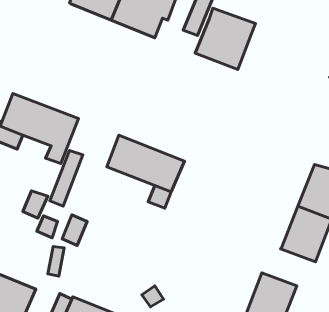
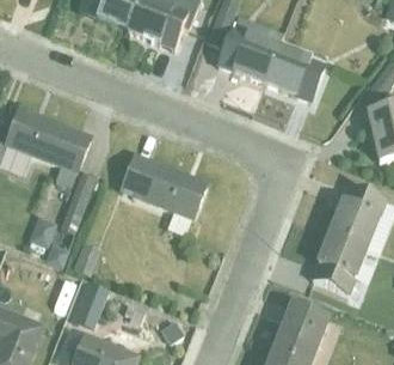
building: none -> [265,44,328,101]
building: none -> [74,280,109,328]

